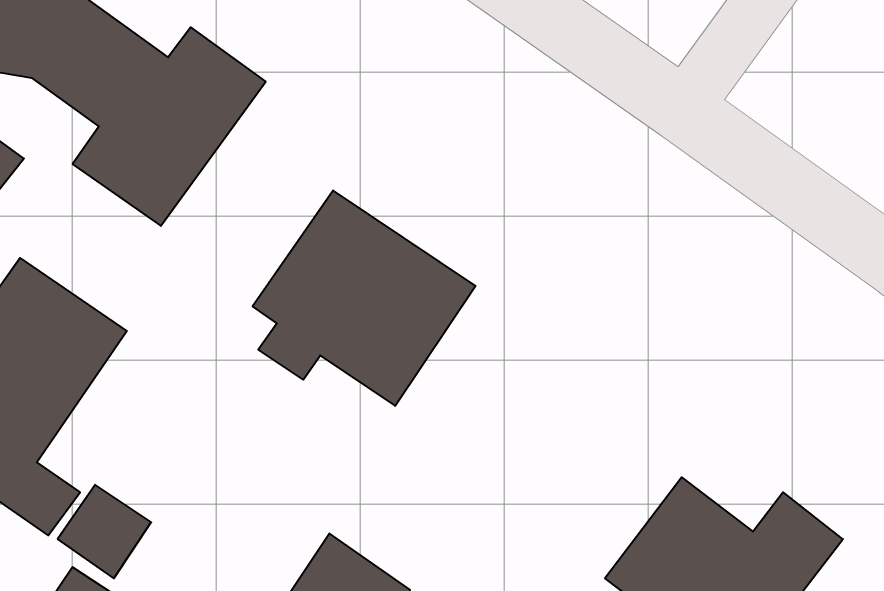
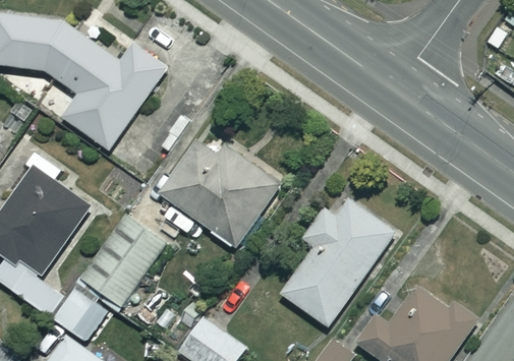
building: none -> [279,199,395,325]
building: none -> [81,212,167,305]

